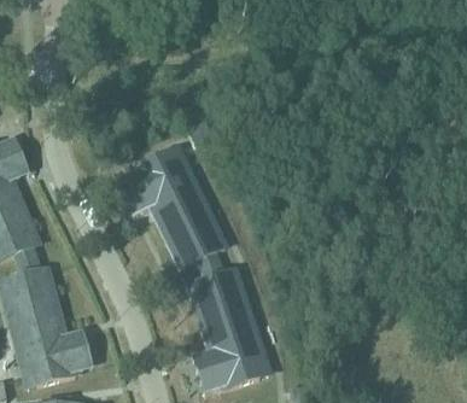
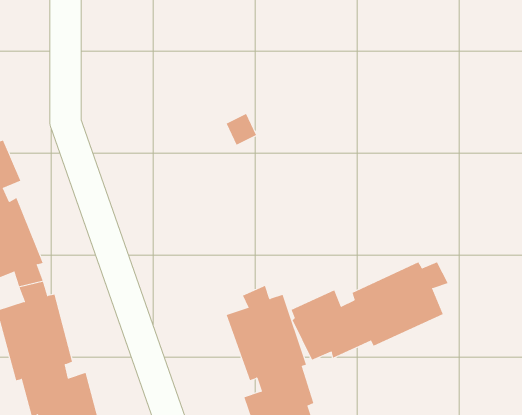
building: [128,152,226,269] -> none
building: none -> [291,261,449,360]

